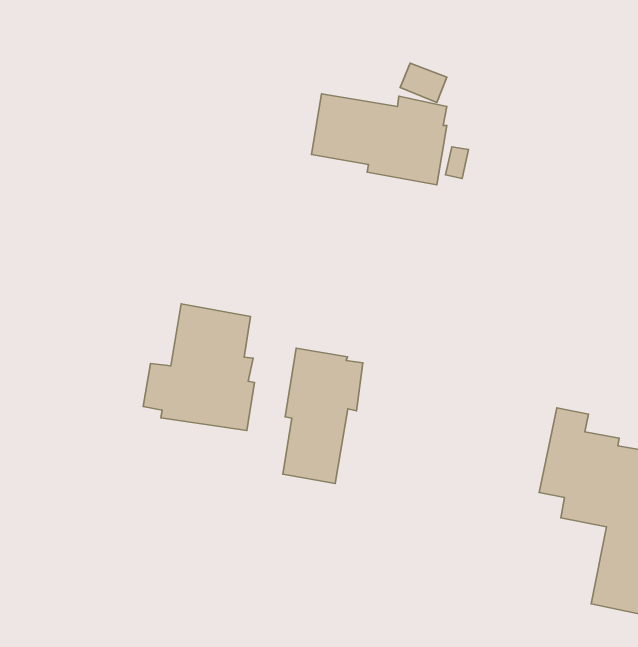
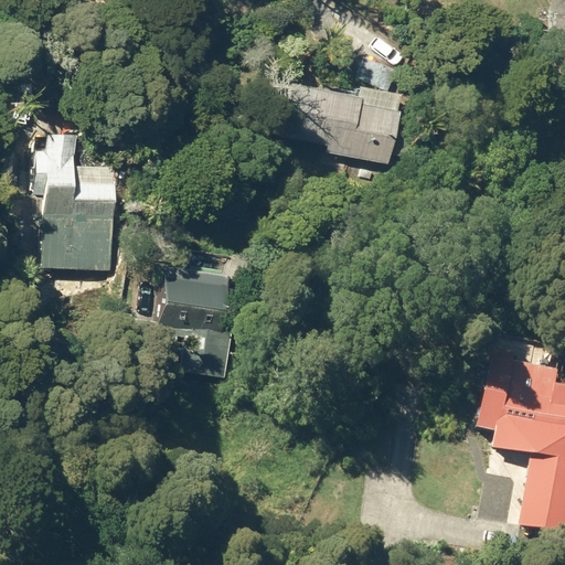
building: none -> [32,129,116,290]
building: [283,348,363,483] -> none

